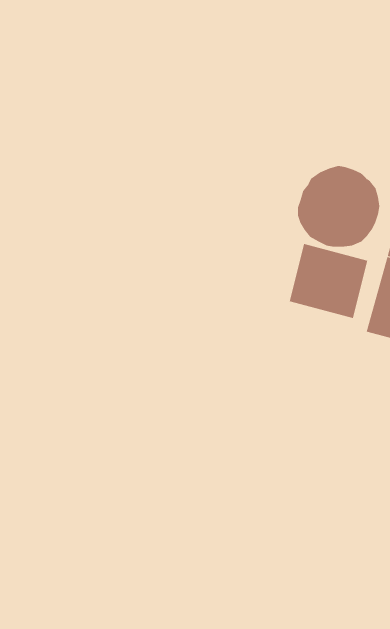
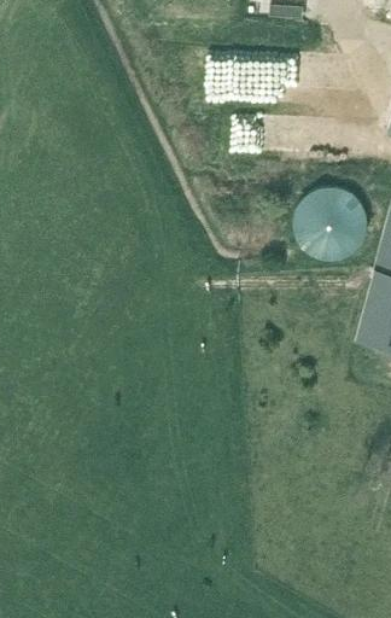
building: [289,243,368,319] -> none

